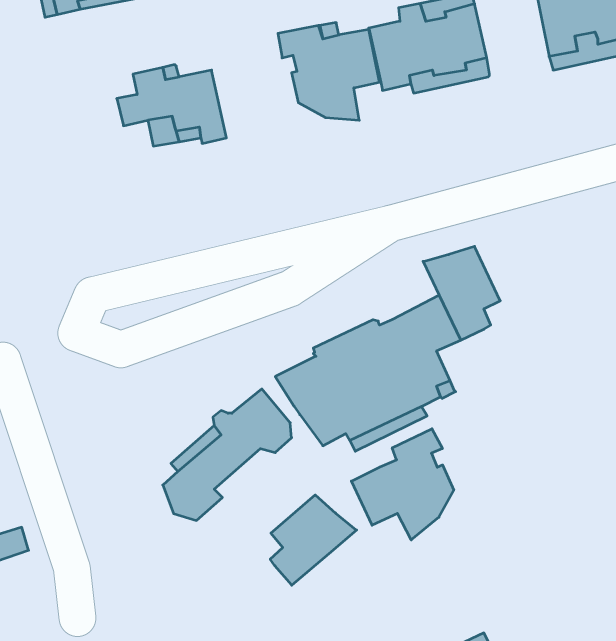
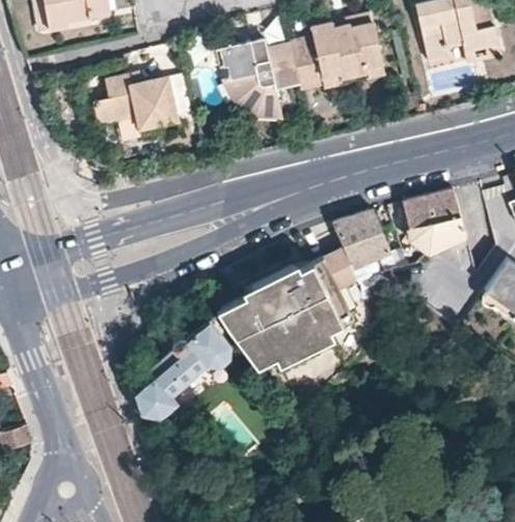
building: none -> [403,189,466,254]
building: [351,429,454,540] -> none
building: [270,495,357,585] -> none

